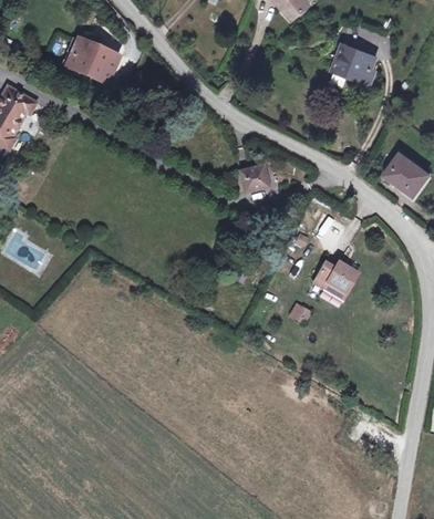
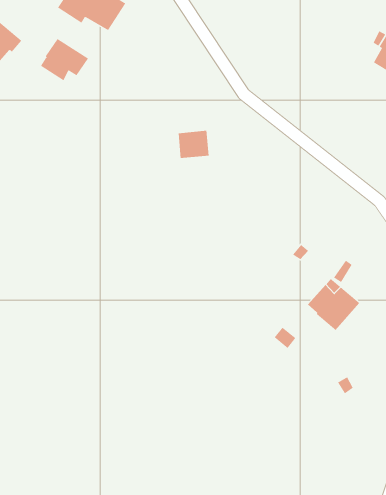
building: none -> [40,38,89,81]
building: [239,165,269,193] -> [178,130,209,158]

